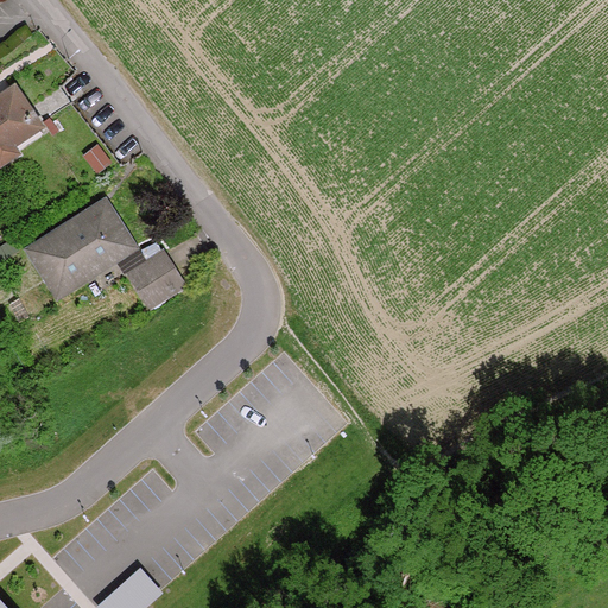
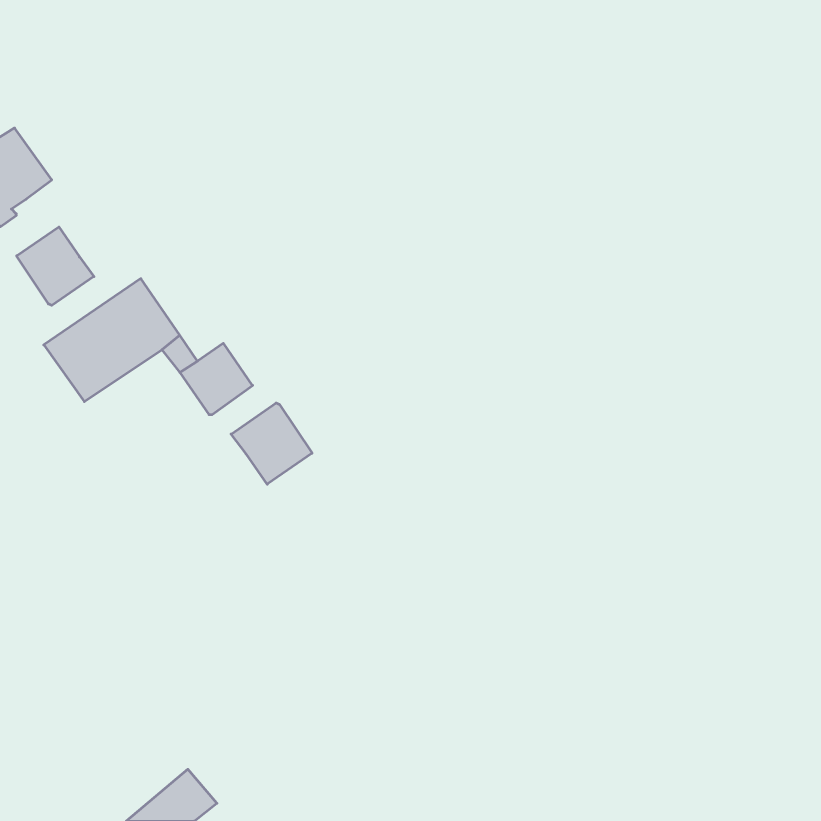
building: none -> [17,227,94,305]
building: none -> [231,403,312,484]

